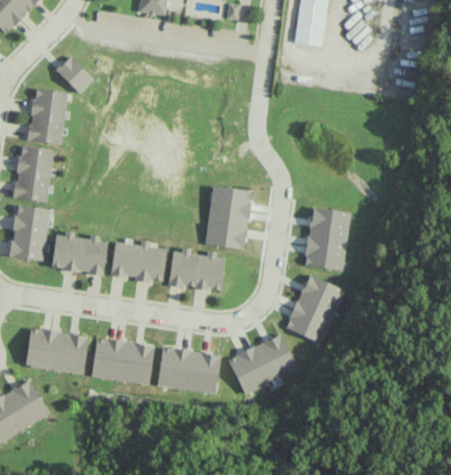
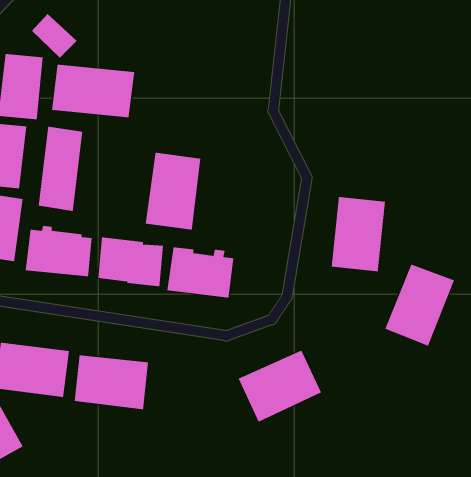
building: none -> [51,64,135,118]
building: none -> [38,126,83,212]
building: [205,186,251,250] -> [145,152,201,230]
building: [286,275,344,344] -> [385,264,455,347]
building: [158,348,220,393] -> none

